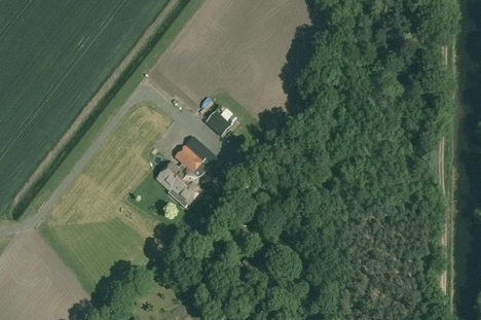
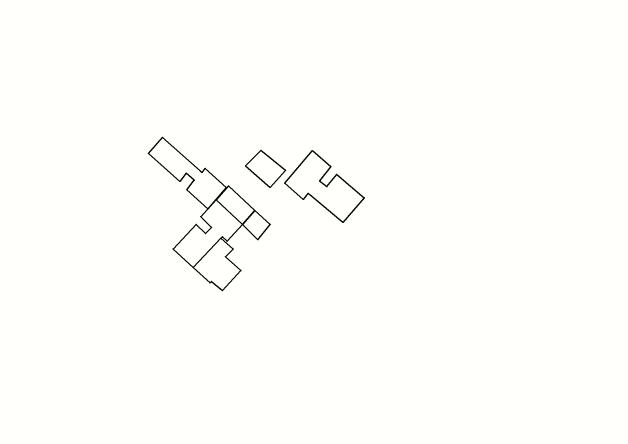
building: none -> [148,137,226,209]
building: none -> [285,151,364,222]

